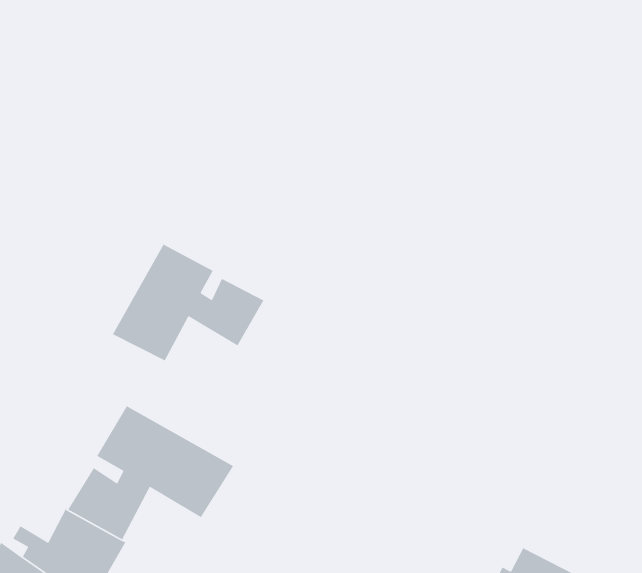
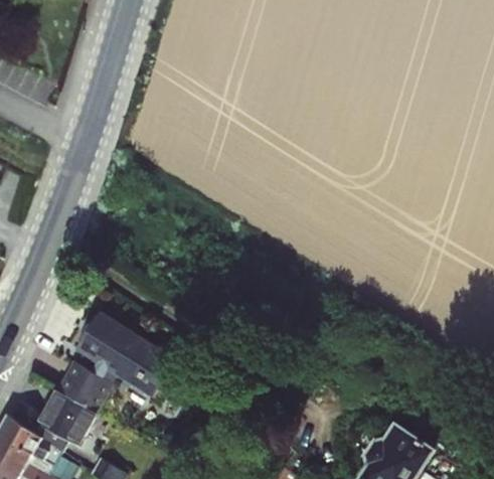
building: [112,243,264,361] -> none

